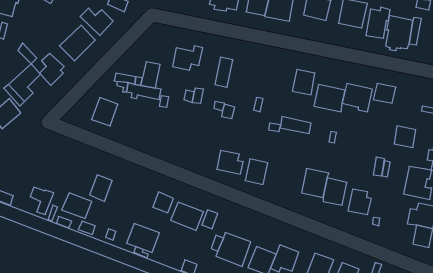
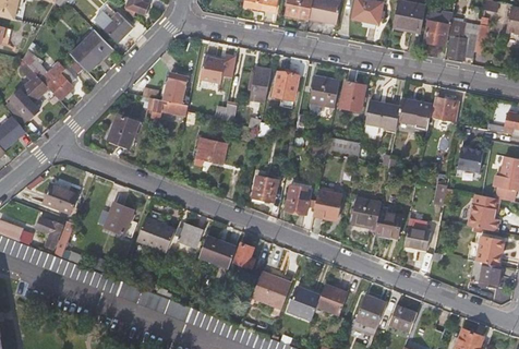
building: none -> [273,73,299,100]
building: none -> [309,75,339,109]
building: none -> [197,139,227,164]
building: none -> [312,190,341,220]
building: [62,193,92,218] -> [41,184,76,214]
building: [127,223,160,253] -> [136,218,174,252]

